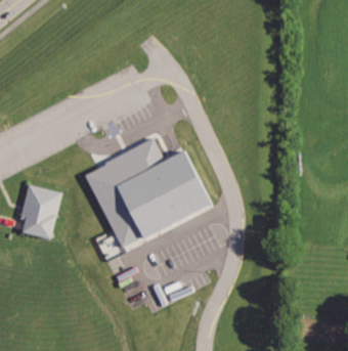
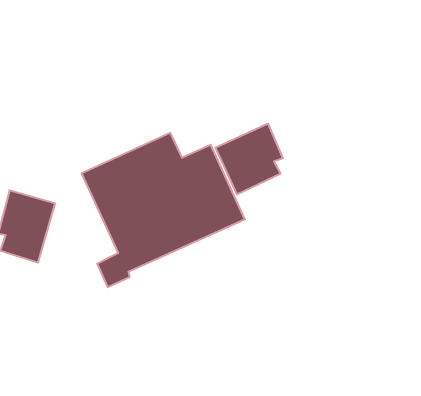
building: none -> [216,124,283,194]

